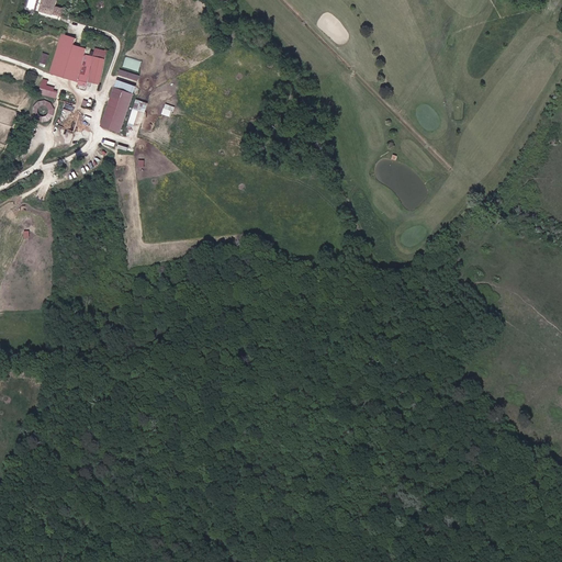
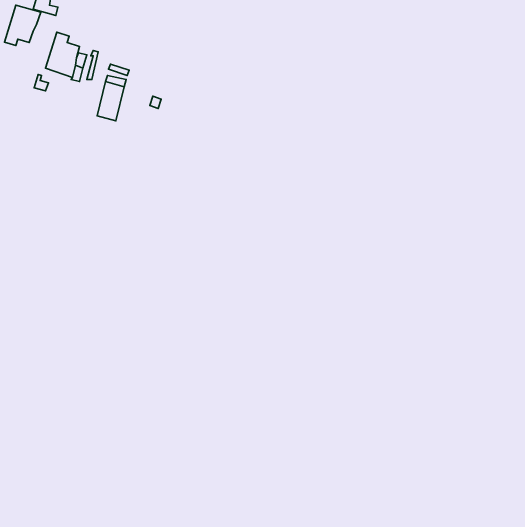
building: none -> [4,5,41,46]

